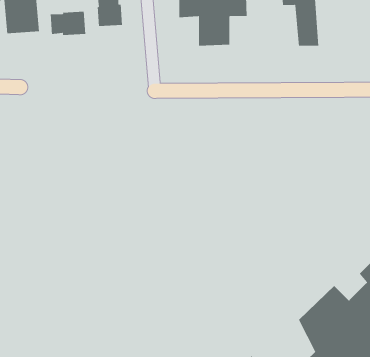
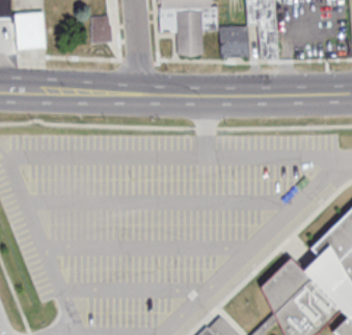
building: [50,11,86,36] -> none
building: none -> [219,29,248,60]

